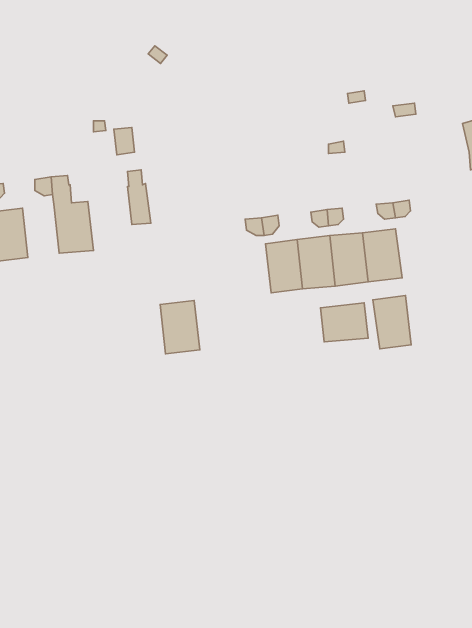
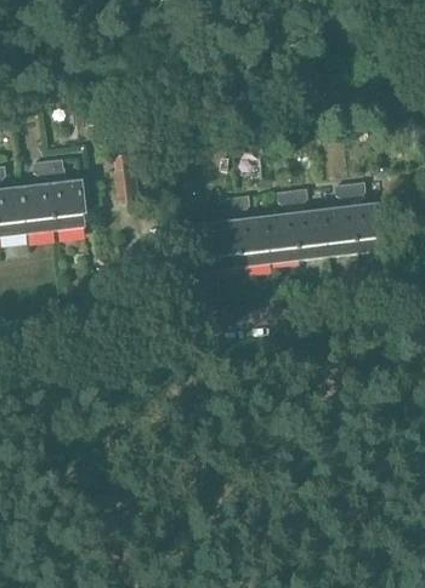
building: none -> [22,183,55,230]
building: [373,296,411,349] -> [353,201,387,249]
building: [160,301,200,354] -> [208,218,243,266]
building: [321,303,368,342] -> none

